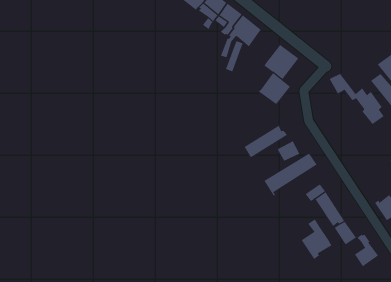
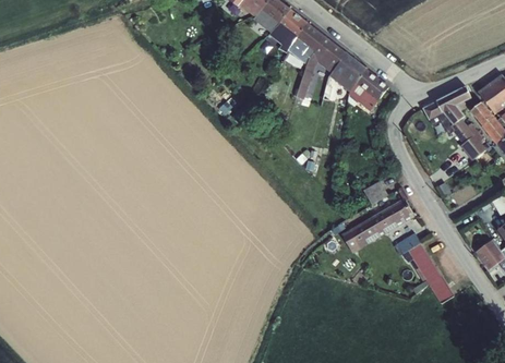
building: none -> [435,88,470,126]
building: [258,72,291,105] -> [329,55,366,92]
building: [244,125,288,158] -> none
building: [301,218,332,260] -> none
building: [354,234,379,267] -> none

